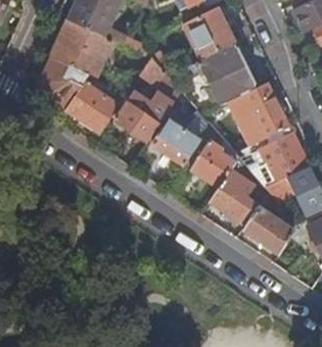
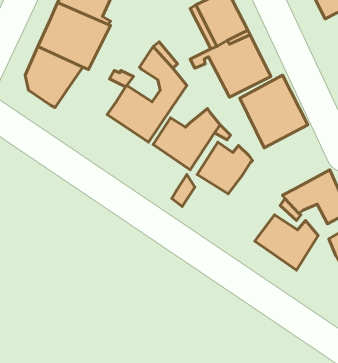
building: [64,90,119,134] -> none
building: [248,126,308,183] -> none
building: [210,170,259,225] -> none

